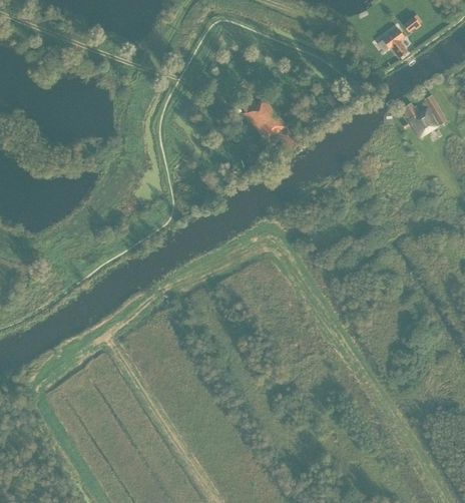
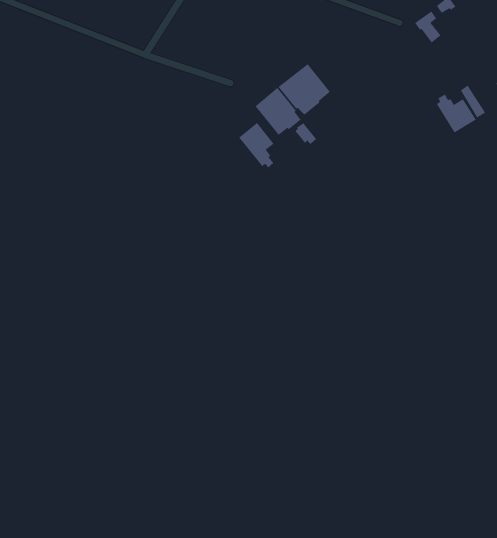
building: none -> [278,63,331,116]
building: none -> [238,122,274,168]

